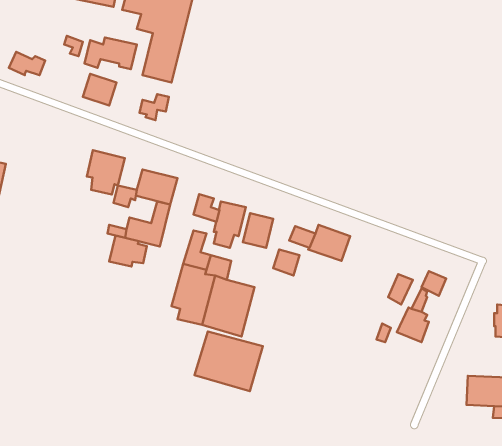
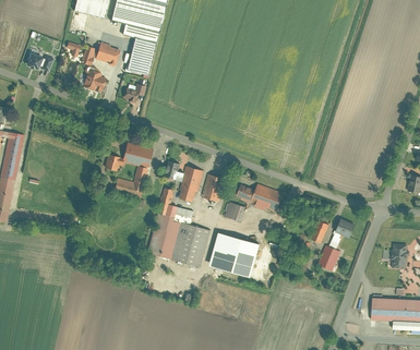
building: [87,150,125,195] -> none
building: [109,236,147,267] -> none
building: [195,332,263,391] -> [208,230,260,275]

